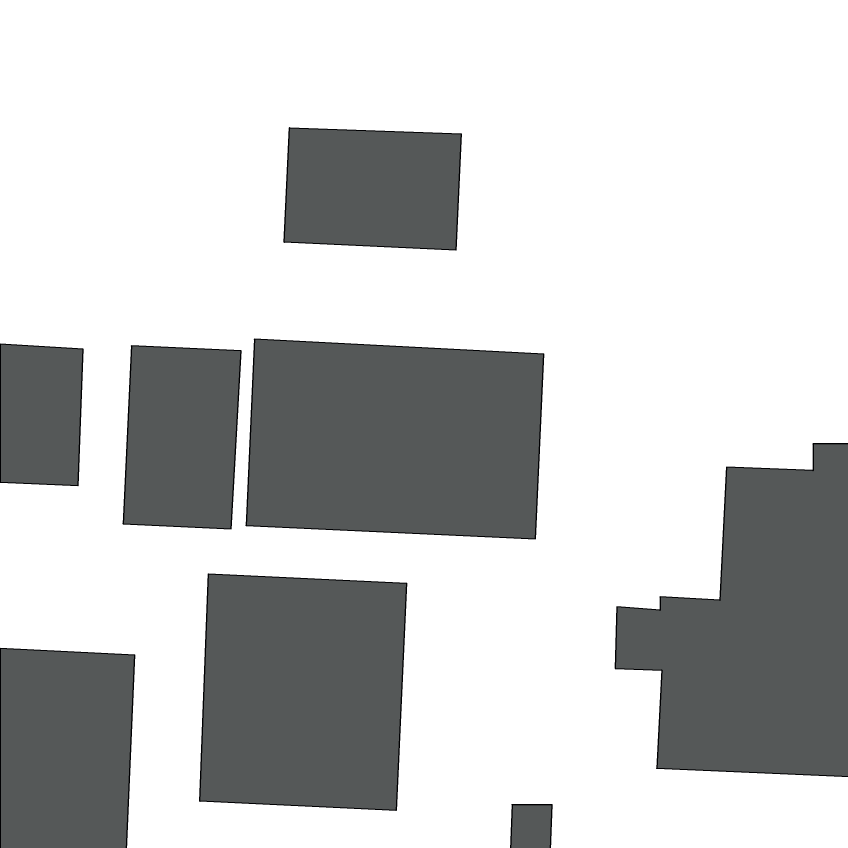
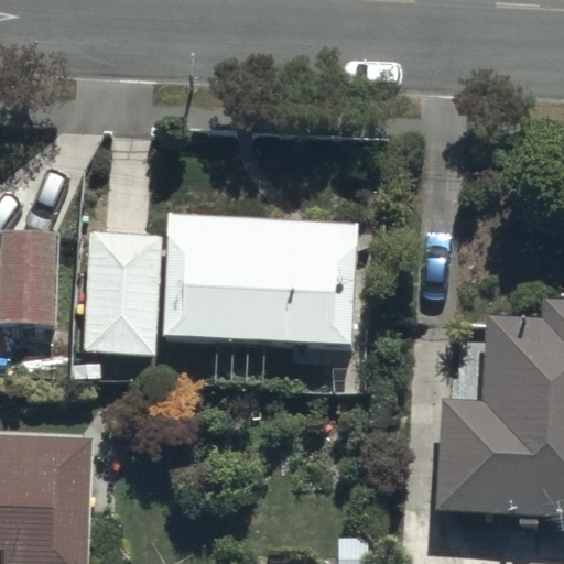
building: [284,128,461,250] -> none
building: [200,574,407,810] -> none

